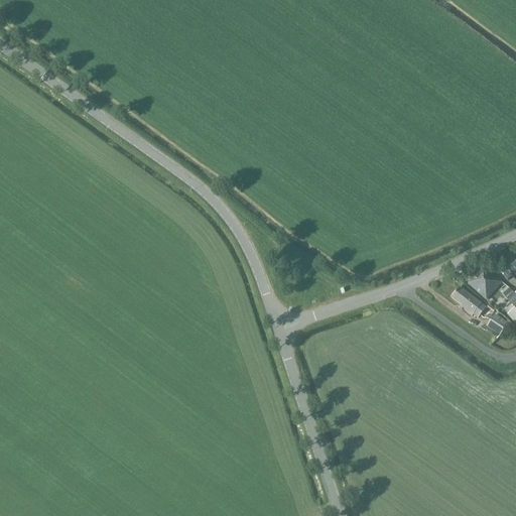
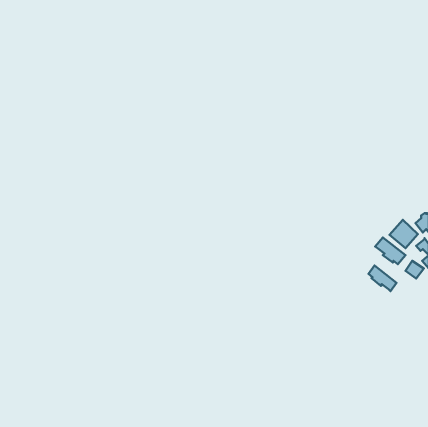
building: none -> [368,266,397,291]

